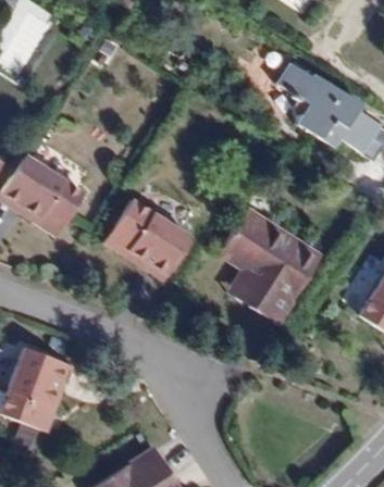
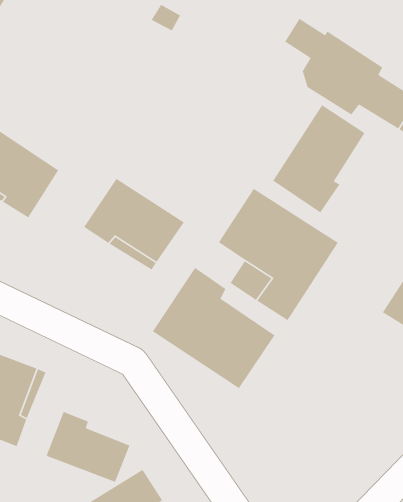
building: none -> [272,104,366,214]
building: none -> [152,267,276,389]
building: none -> [46,411,130,483]

